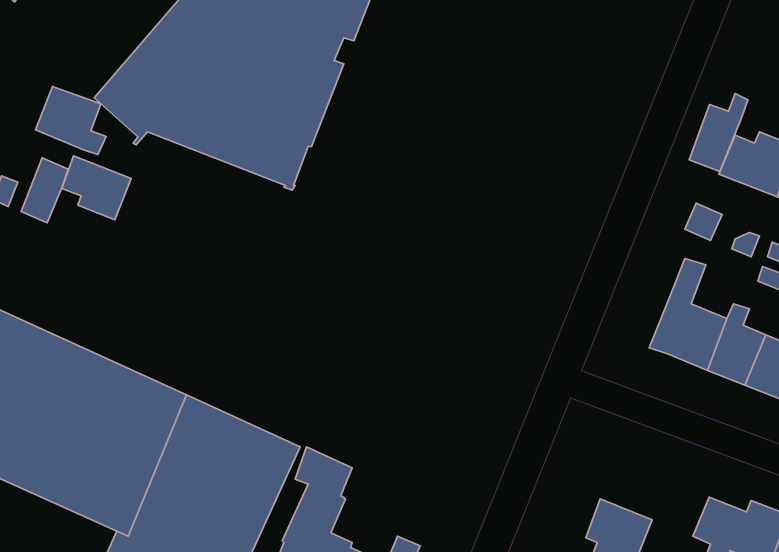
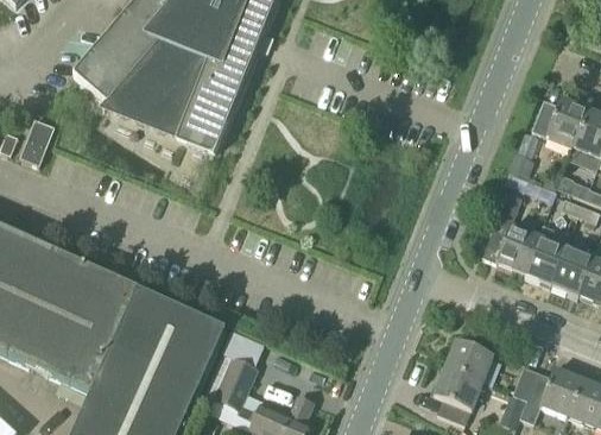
building: [35,86,106,155] -> none
building: [689,93,748,172] -> none
building: [62,156,131,220] -> none
building: none -> [444,340,493,383]

